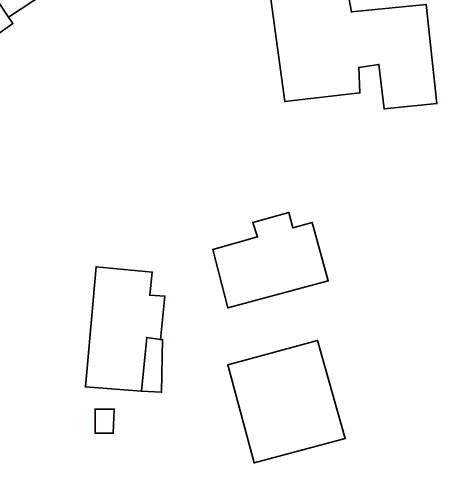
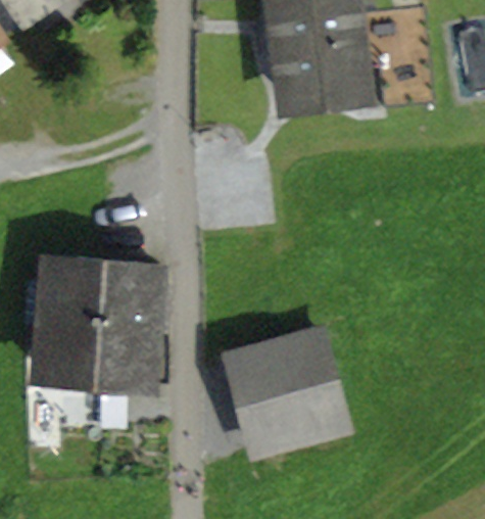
building: [213,212,328,308] -> none
building: none -> [16,256,96,377]

